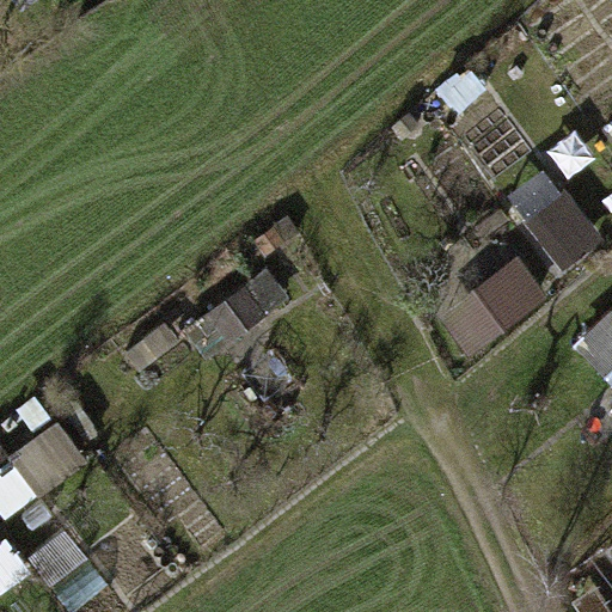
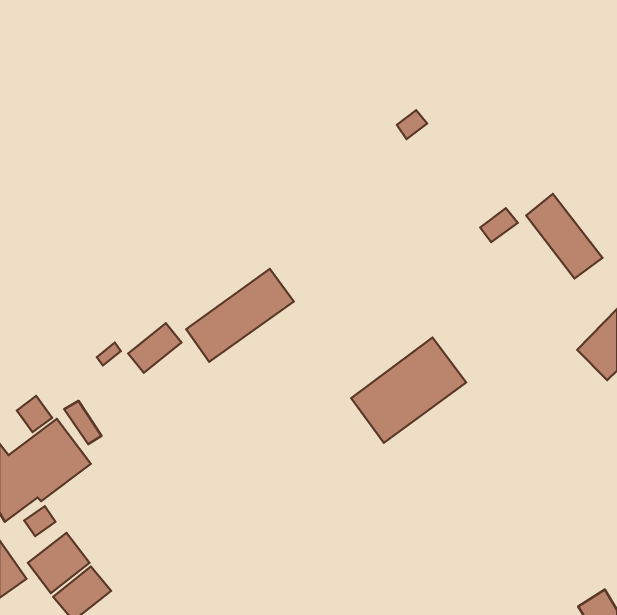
building: [437,253,551,357] -> [351,338,466,443]

